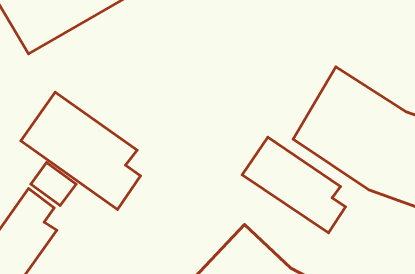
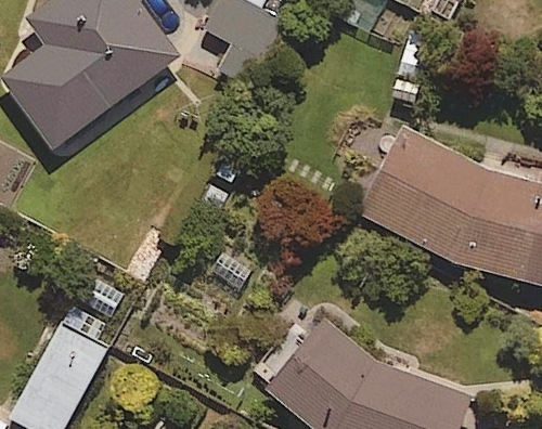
building: [21,92,141,210] -> none
building: [242,137,345,233] -> none

